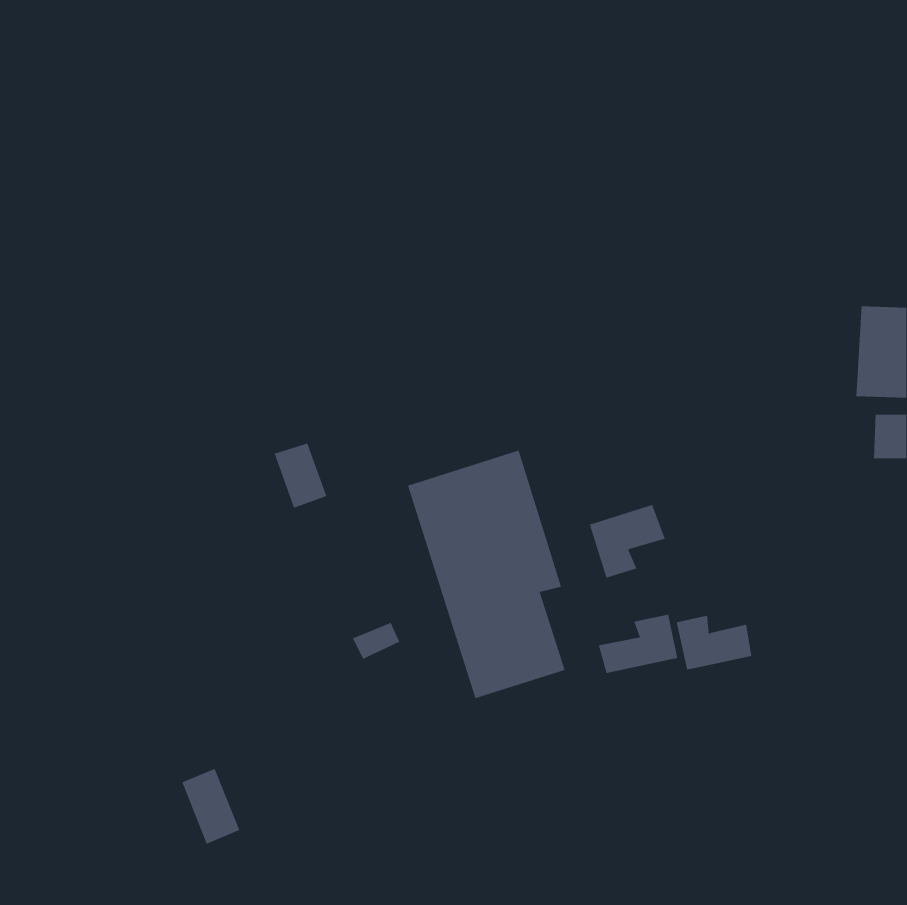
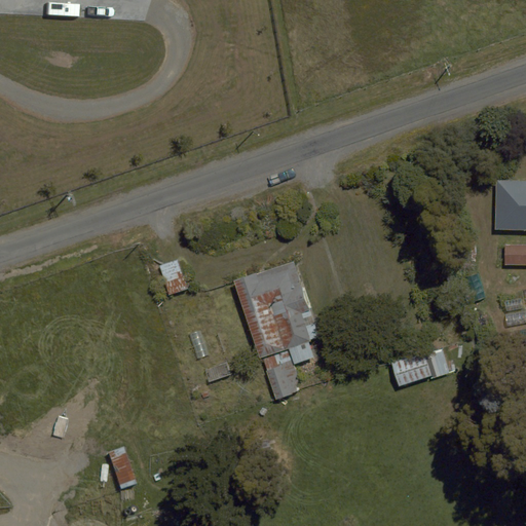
building: [589,504,665,578] -> none
building: [598,614,678,674] -> none

